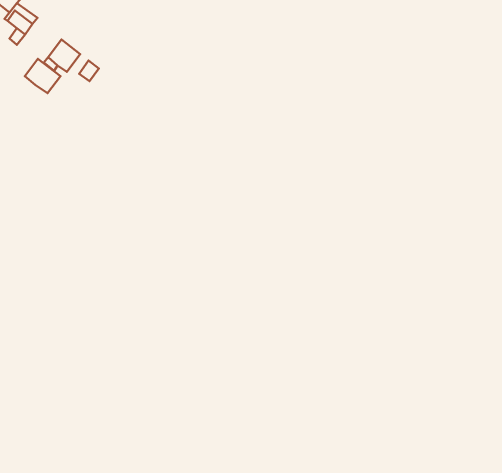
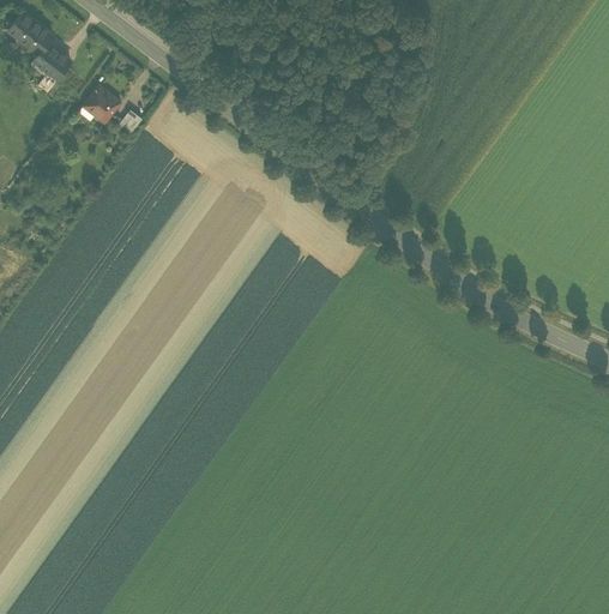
building: [25,59,61,93] -> none

